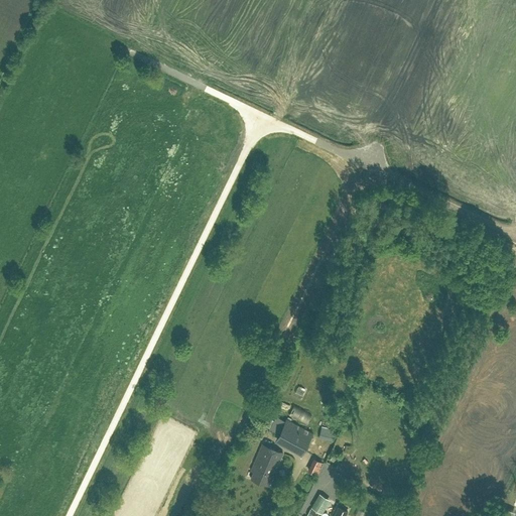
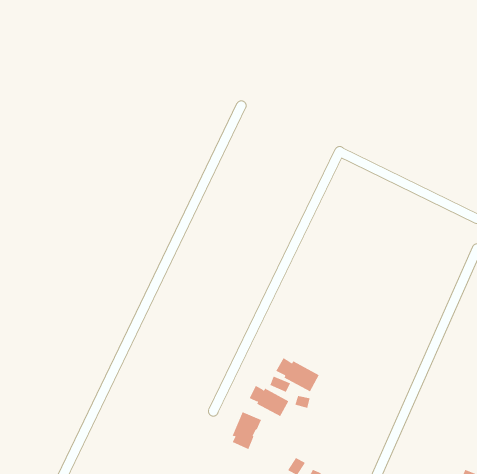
building: none -> [275,357,320,392]

